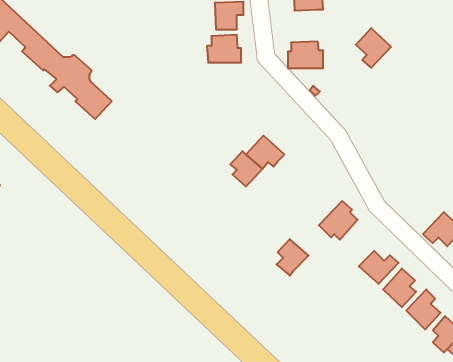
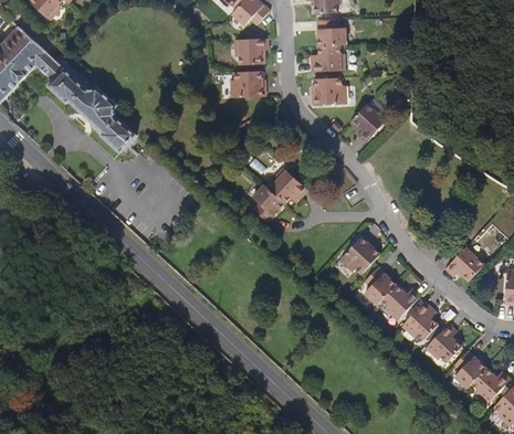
building: none -> [312,44,340,71]
building: [356,28,391,68] -> [352,103,387,142]
building: [276,239,309,276] -> [365,268,397,305]

